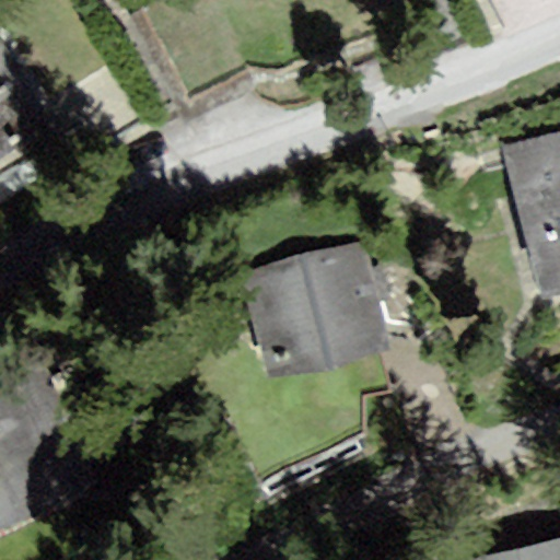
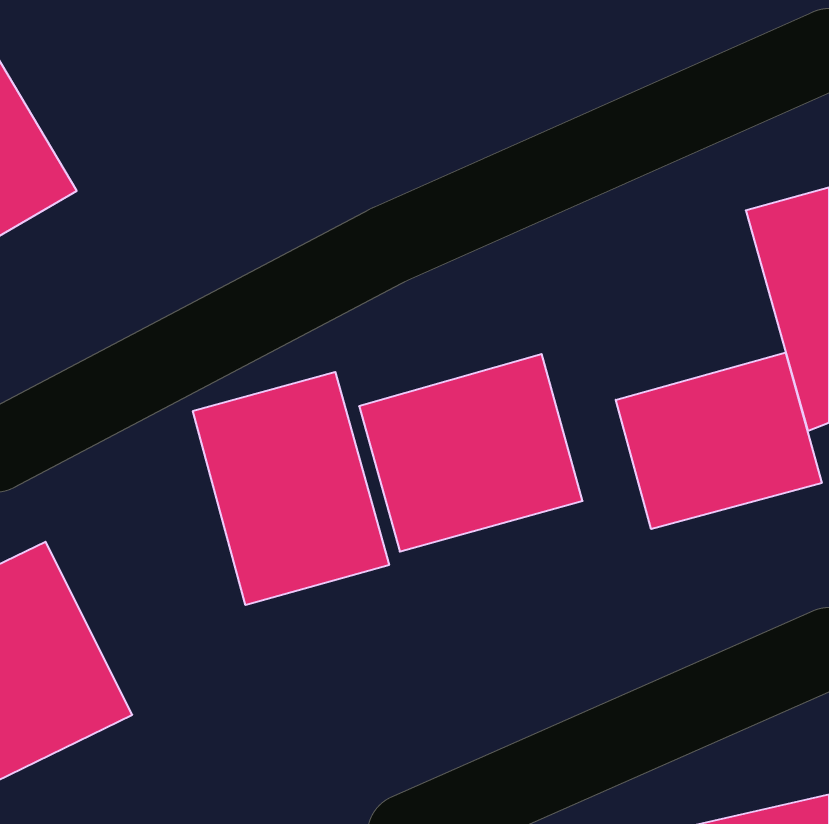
building: none -> [616,352,822,529]
building: none -> [193,372,389,605]

